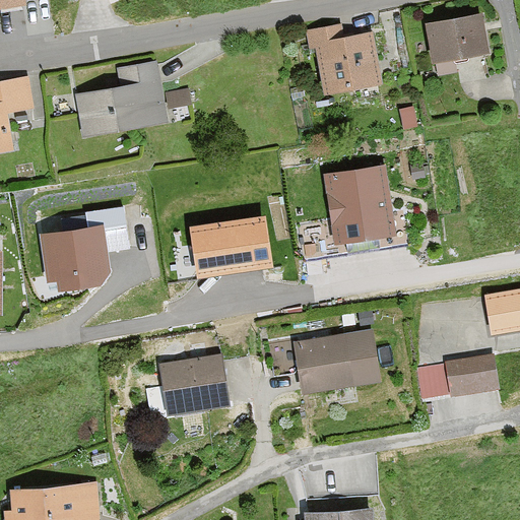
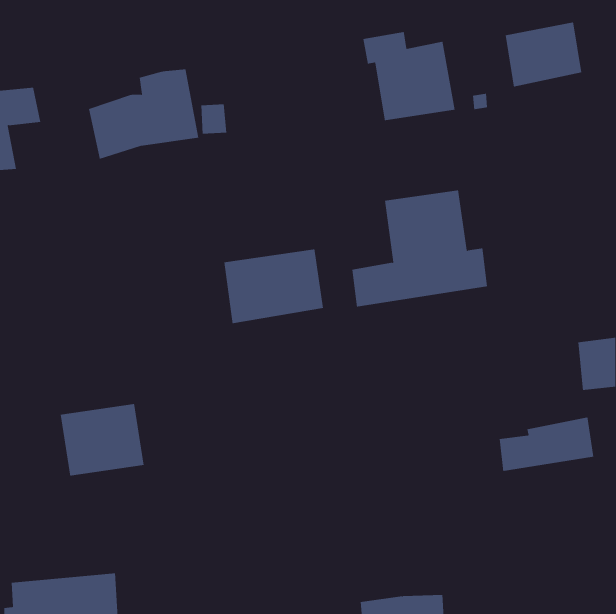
building: [39,209,127,287] -> none
building: [292,327,380,392] -> none
building: [158,355,230,416] -> [60,404,144,476]

